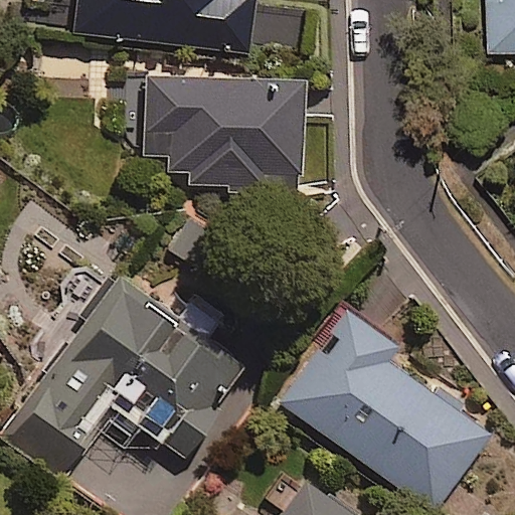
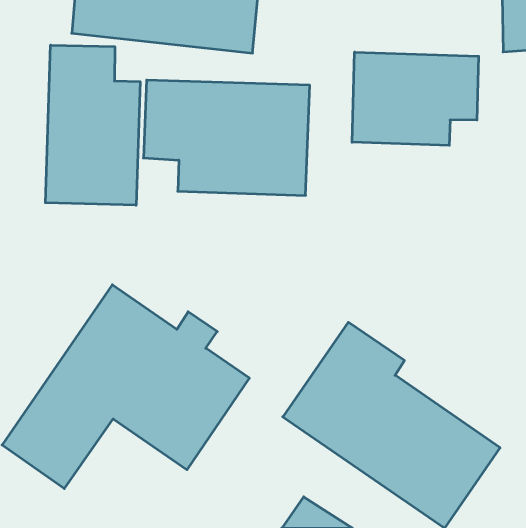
building: none -> [45,45,140,205]
building: none -> [352,52,479,145]

